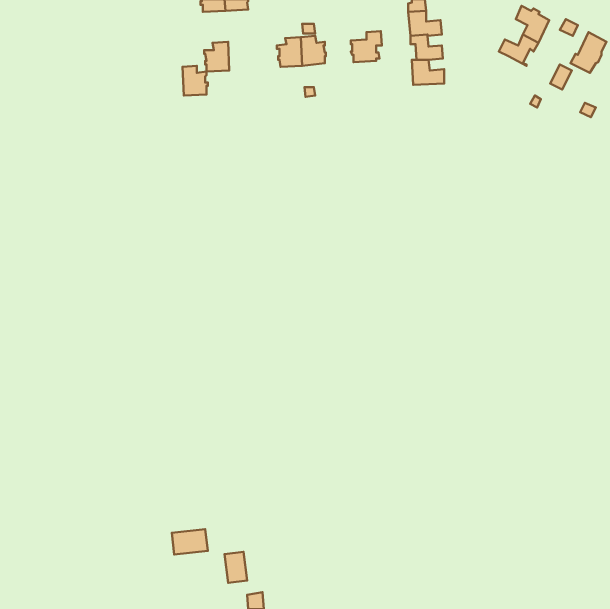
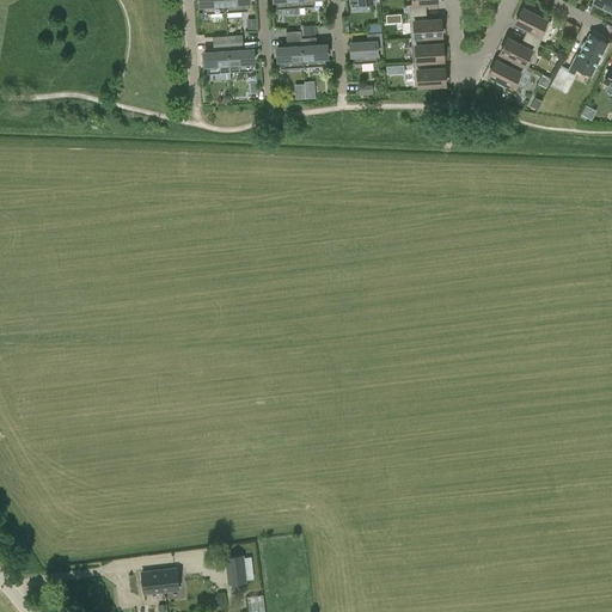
building: none -> [488,56,527,87]
building: [183,66,208,96] -> [228,41,253,71]
building: [172,529,208,554] -> [142,567,178,592]

